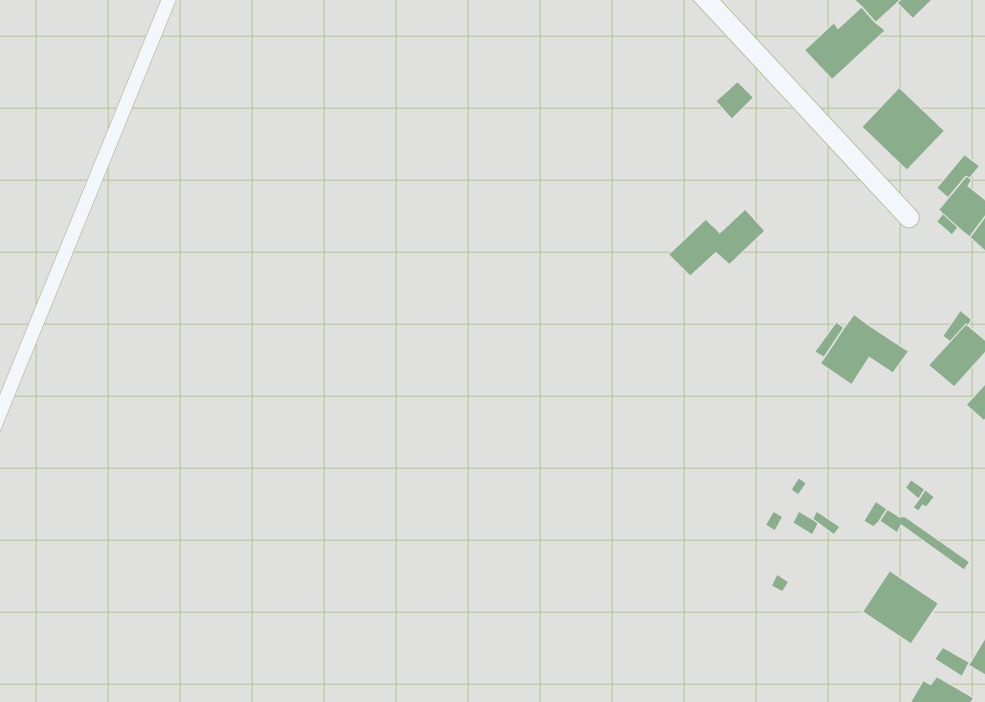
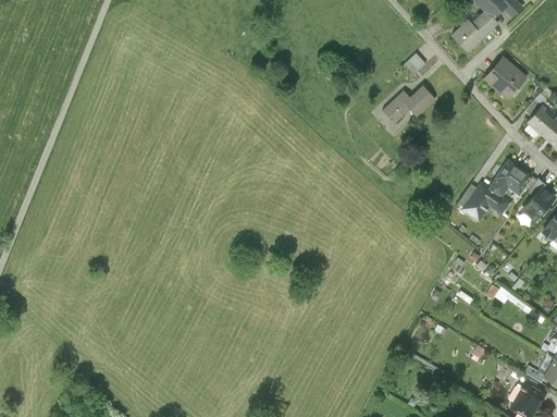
building: [668,209,765,276] -> [382,84,435,121]
building: none -> [488,160,531,196]
building: [862,570,938,644] -> none

